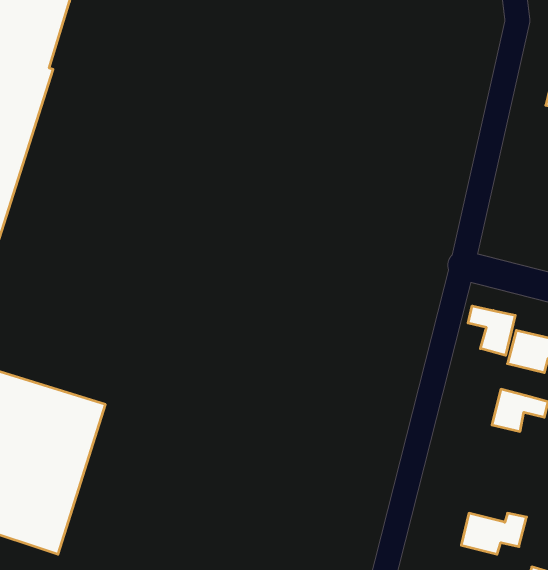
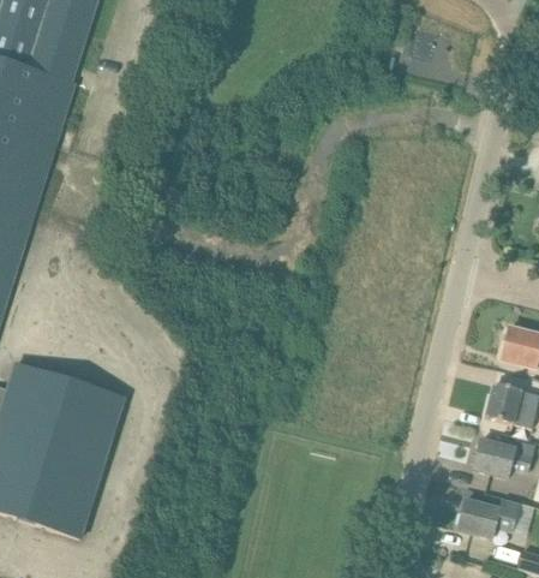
building: [468,306,515,355] -> none
building: none -> [473,439,532,477]

